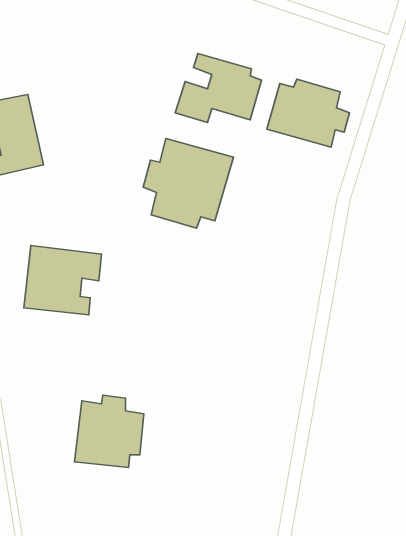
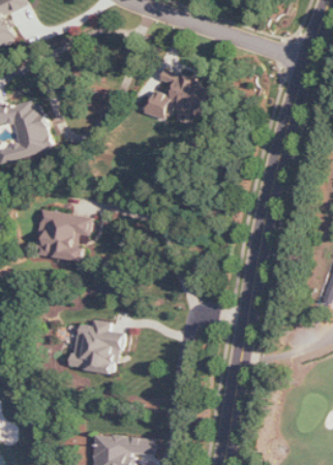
building: [267,79,349,147] -> none
building: [143,138,233,228] -> none

